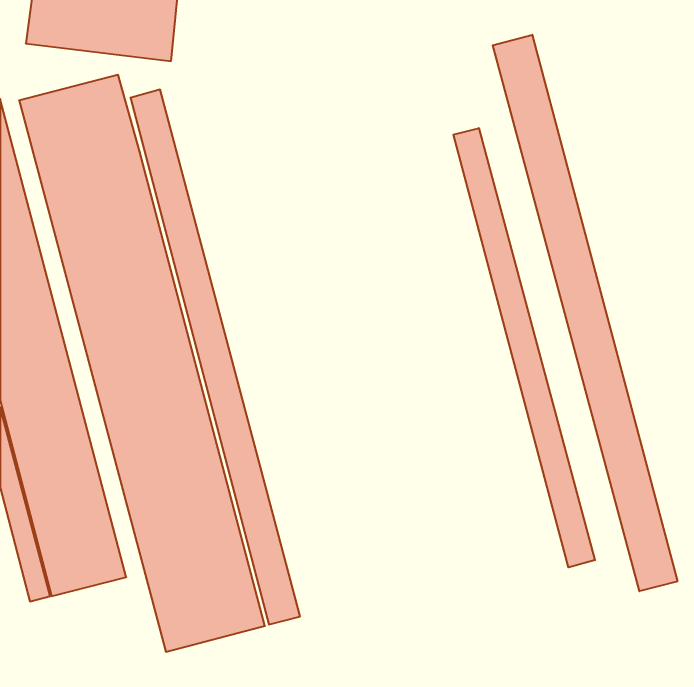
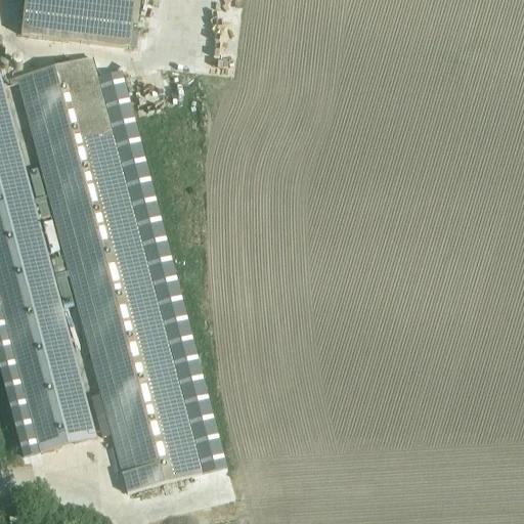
building: [493,35,677,591] -> none
building: [453,128,595,567] -> none

